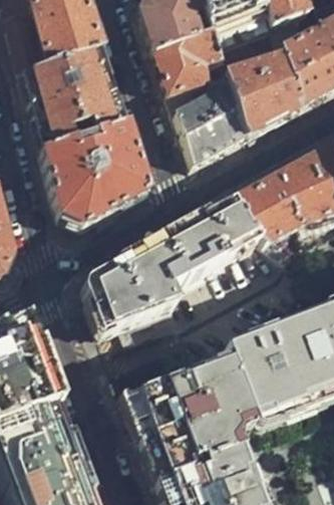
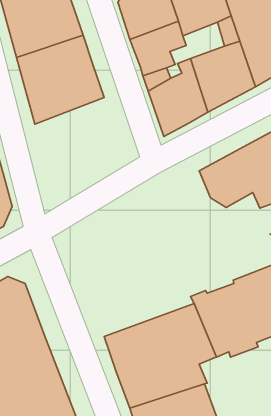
building: [43,114,148,221] -> none
building: [90,200,265,344] -> none

